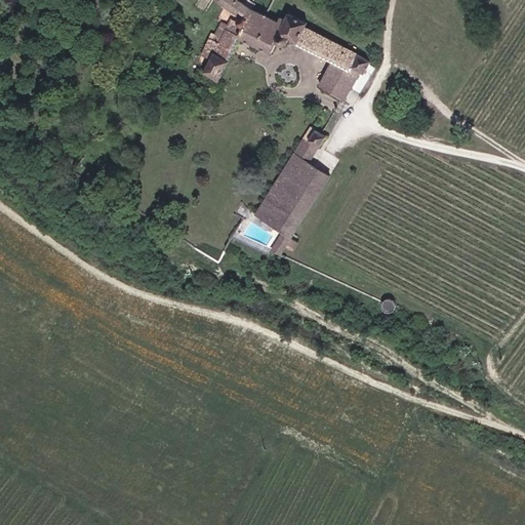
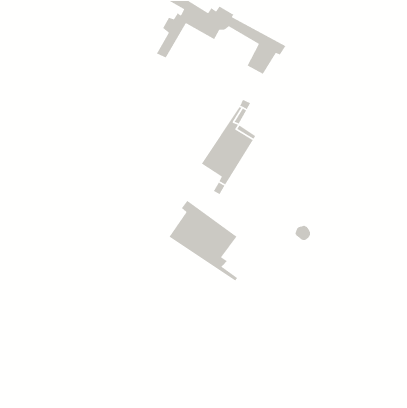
building: none -> [169,200,238,281]

